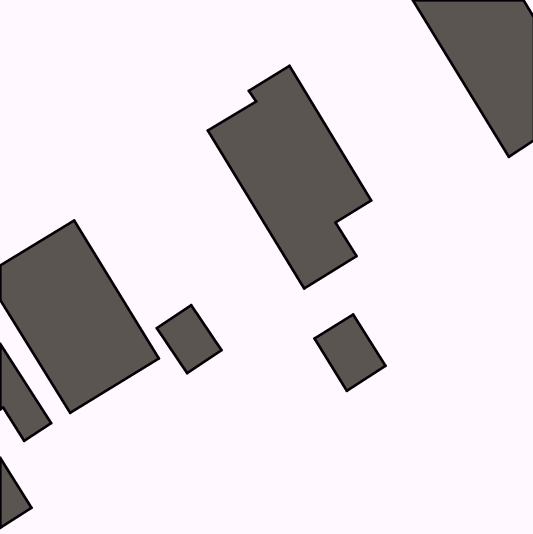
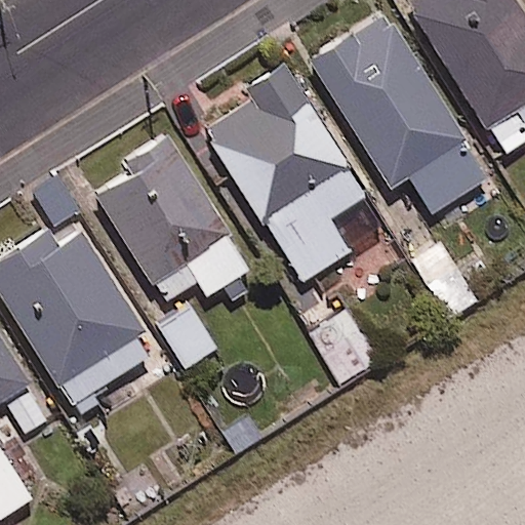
building: none -> [311,14,489,212]
building: none -> [97,137,249,302]

